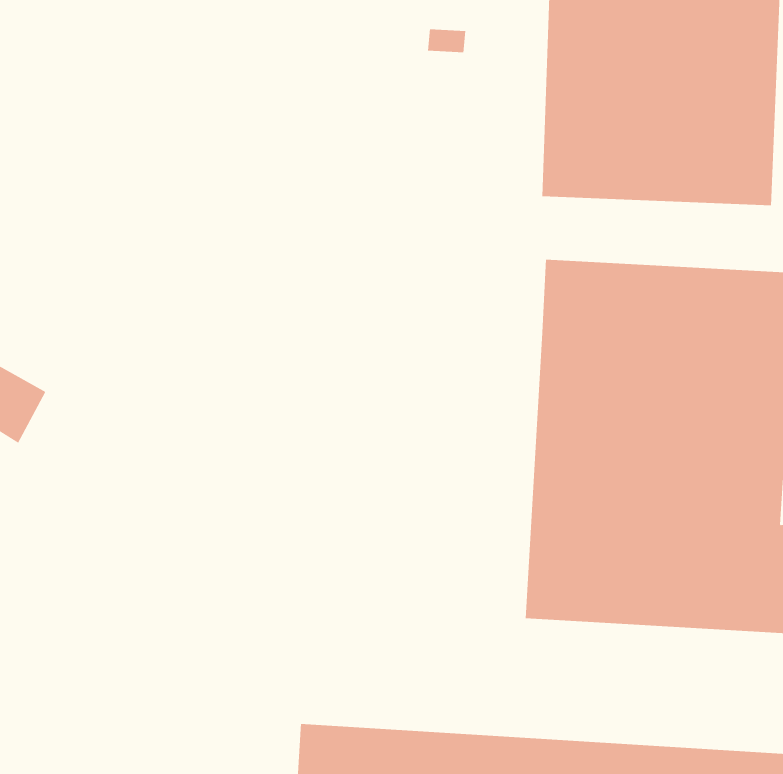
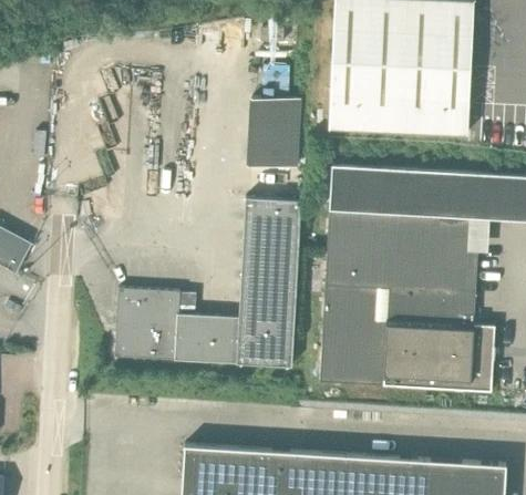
building: none -> [248,101,300,171]
building: none -> [114,198,301,367]

